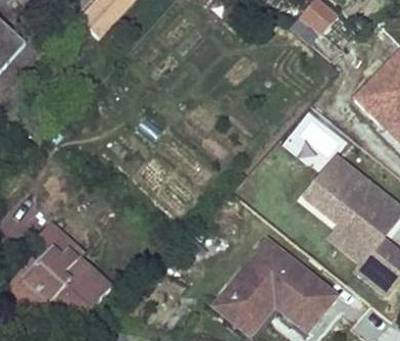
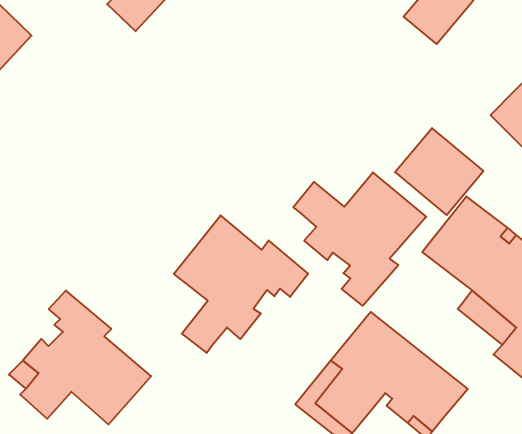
building: none -> [293,172,426,306]
building: none -> [174,215,308,353]

